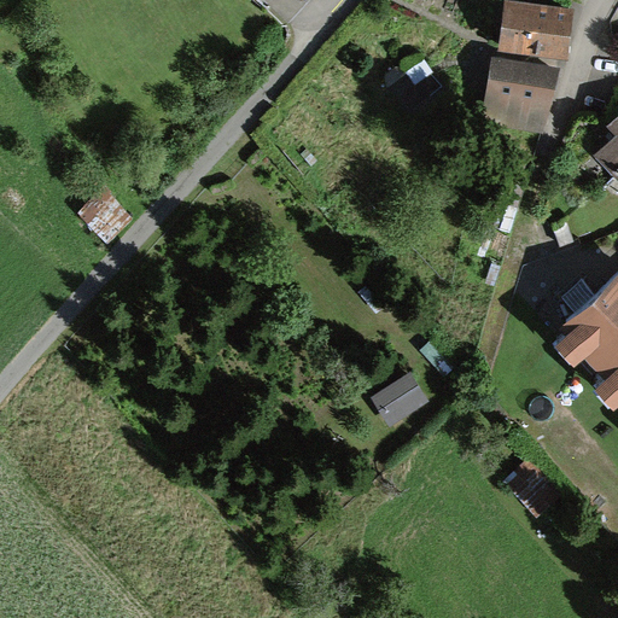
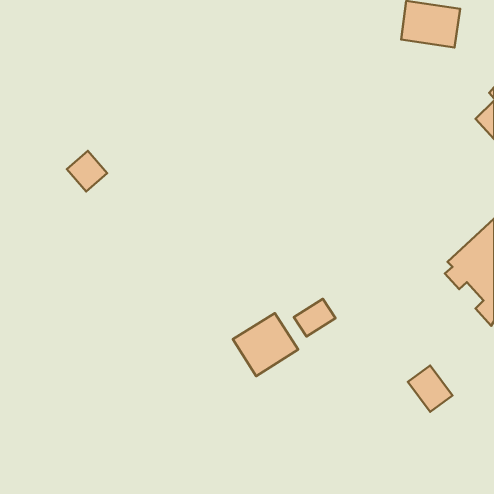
building: [484,57,560,134] -> none
building: none -> [233,313,298,376]

